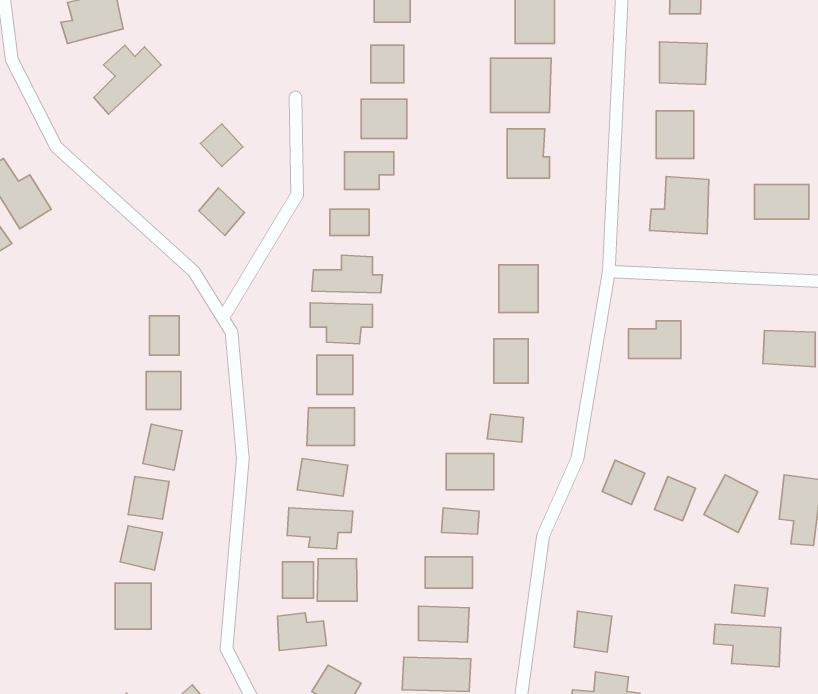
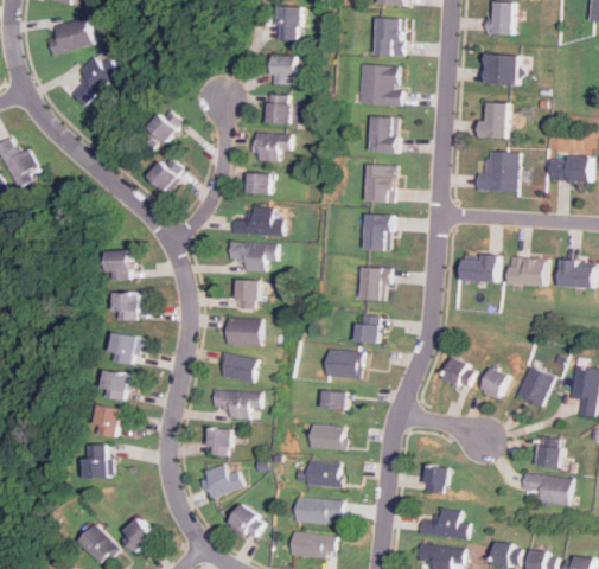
building: none -> [367,165,395,202]
building: none -> [505,257,546,286]
building: [317,558,357,601] -> none

